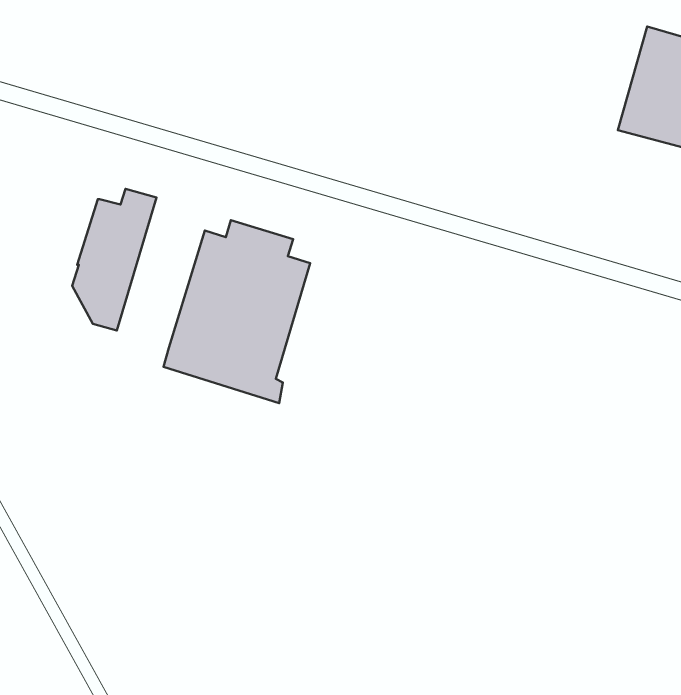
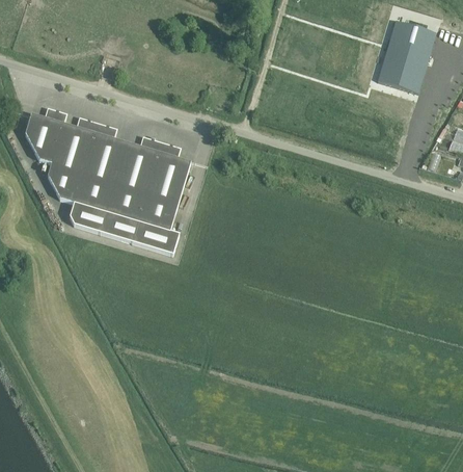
building: none -> [25,109,67,164]
building: none -> [70,124,128,234]

